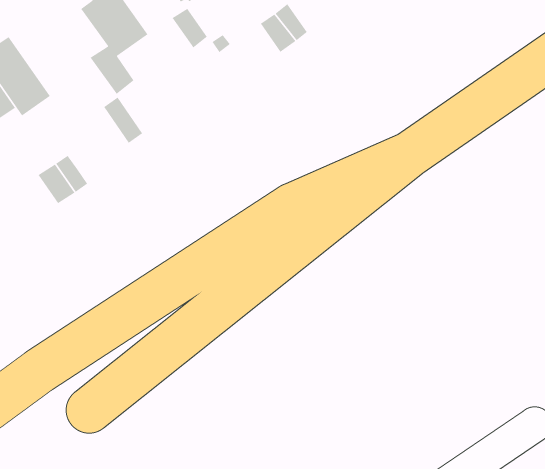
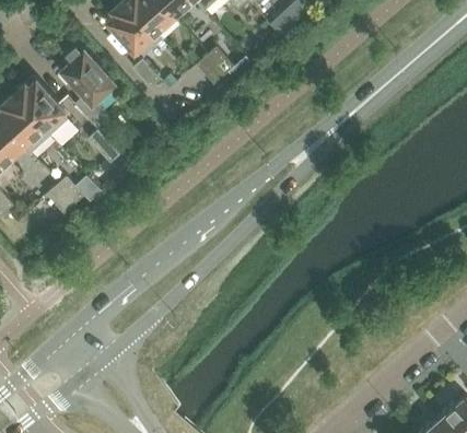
building: none -> [12,80,66,136]

